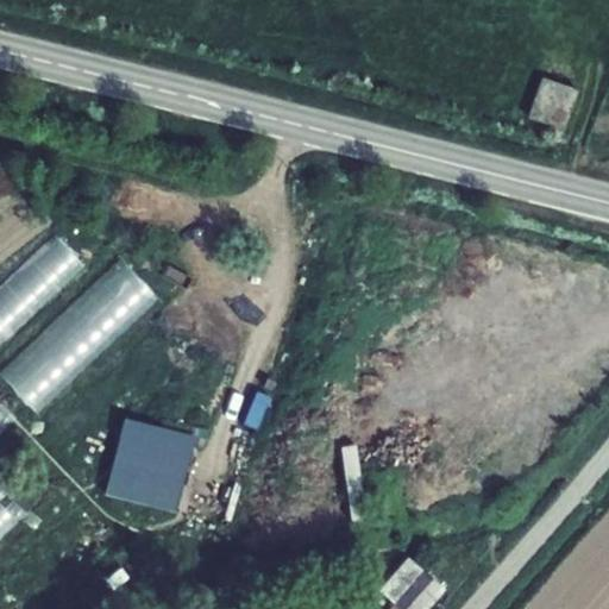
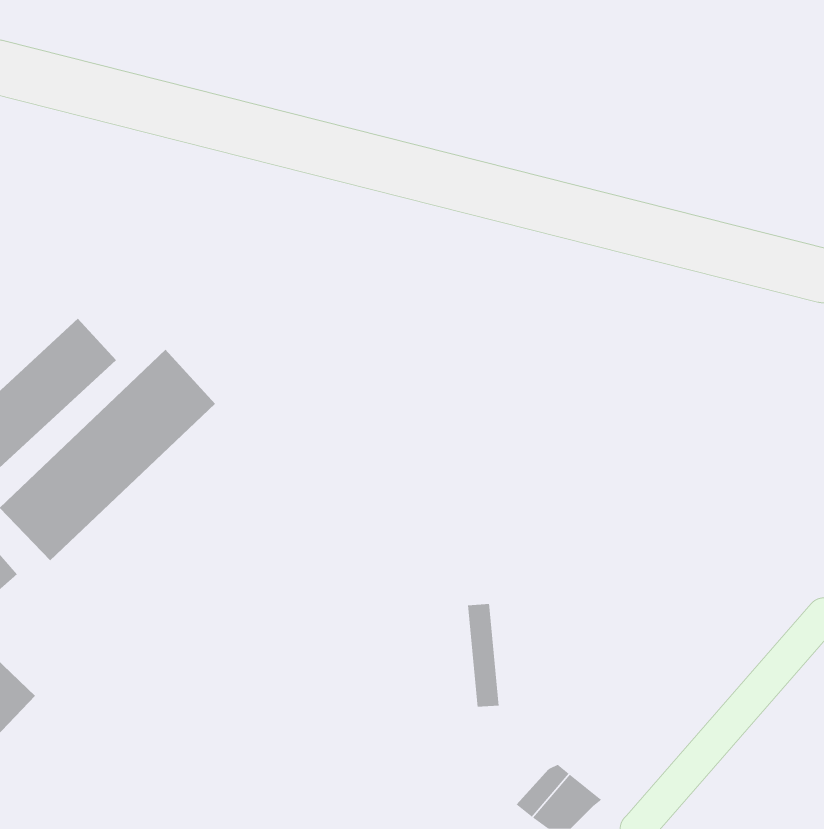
building: [523,81,572,132] -> none
building: [103,417,196,514] -> none

